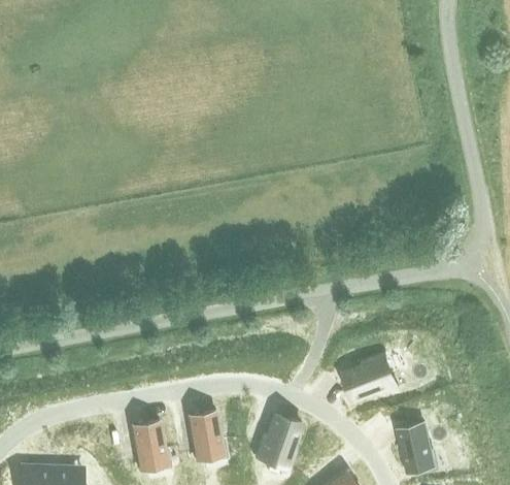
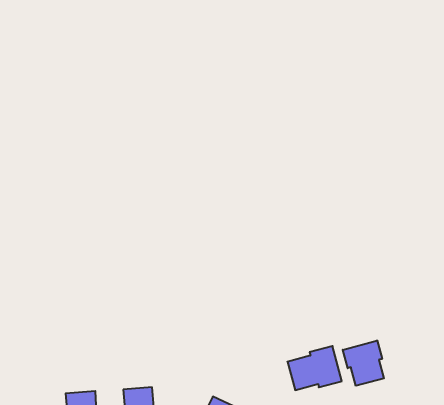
building: none -> [343,340,384,386]

